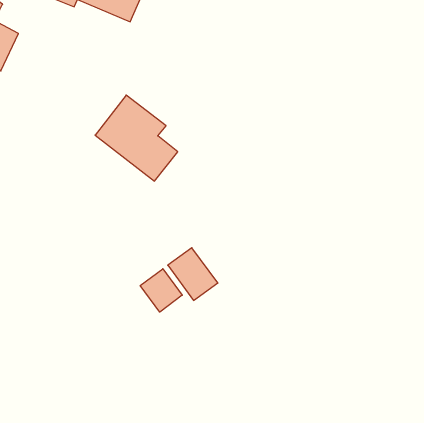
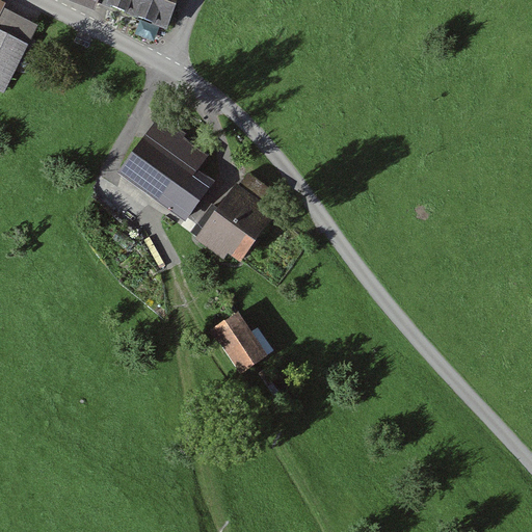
building: none -> [195,187,271,267]
building: [140,269,182,312] -> none

